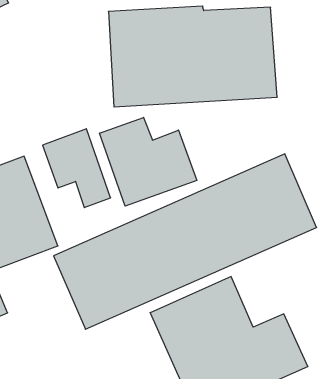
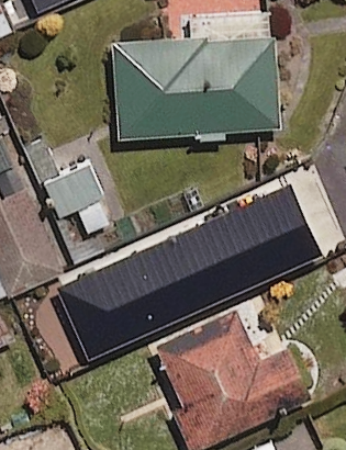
building: [100,117,197,206] -> none

